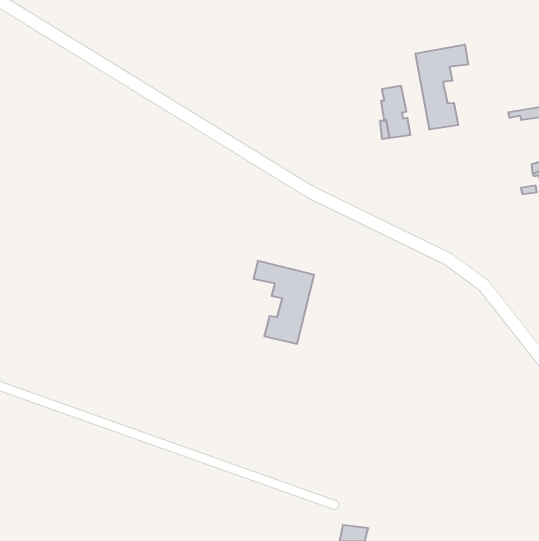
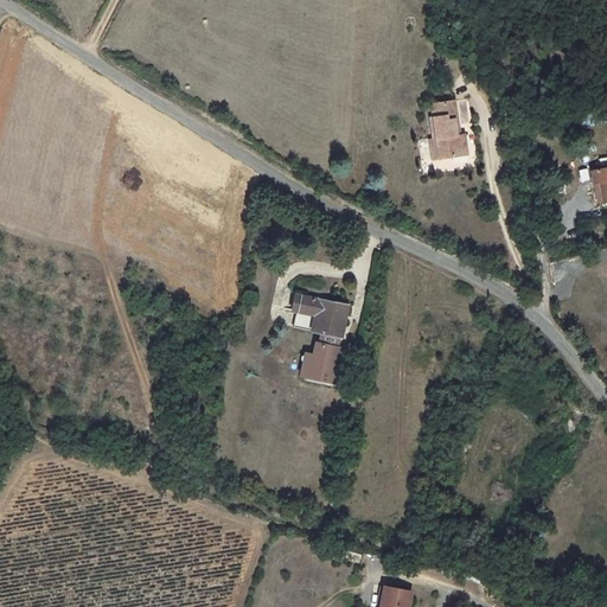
building: [416,44,468,130] -> none

